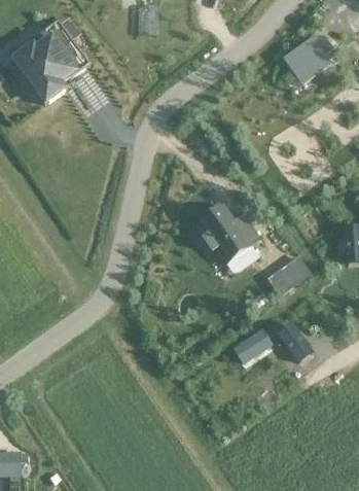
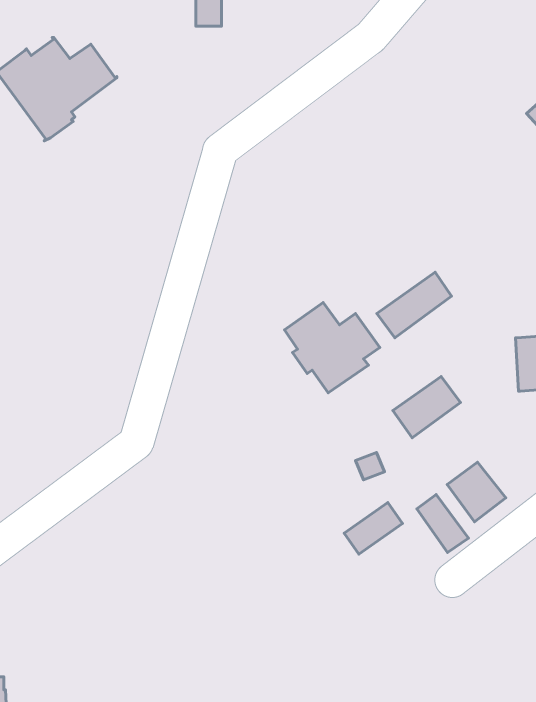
building: [283,34,332,81] -> none
building: none -> [377,272,452,338]
building: none -> [447,462,506,522]

